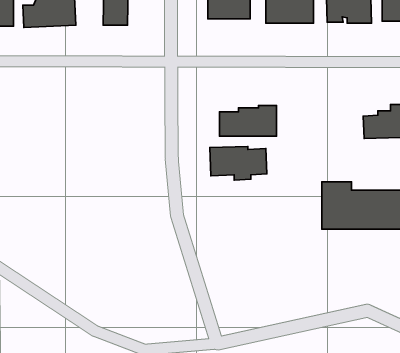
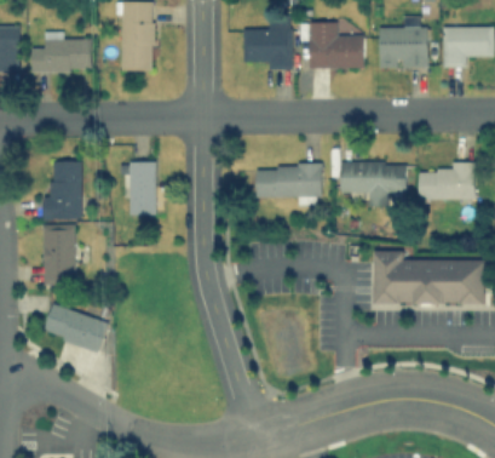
building: none -> [42,161,80,219]
building: none -> [127,162,155,216]
building: [210,146,267,180] -> [341,162,407,201]
building: none -> [42,227,73,285]
building: none -> [42,304,108,353]

